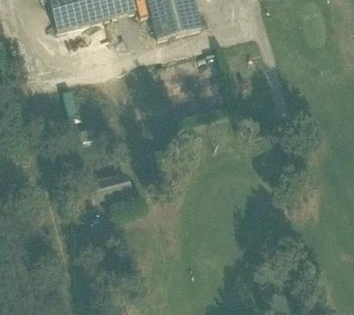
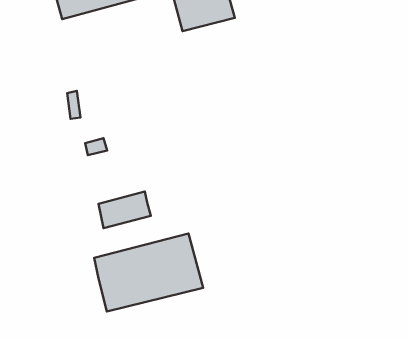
building: none -> [94,234,203,311]

